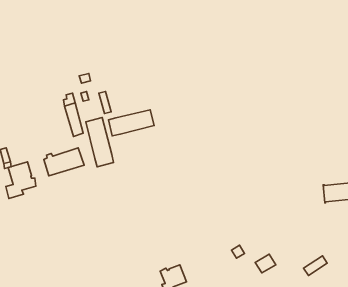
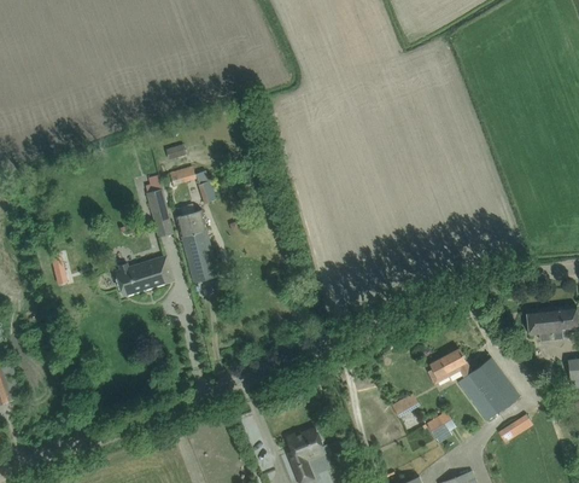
building: [108,110,154,136] -> none
building: [6,162,36,199] -> none
building: none -> [429,349,519,420]

